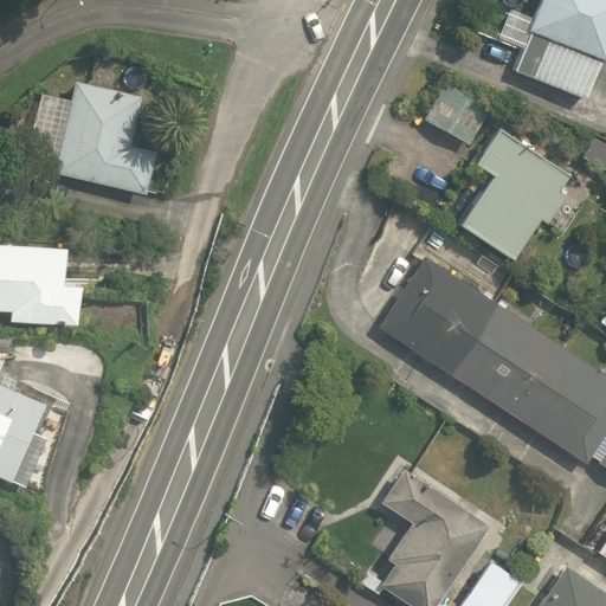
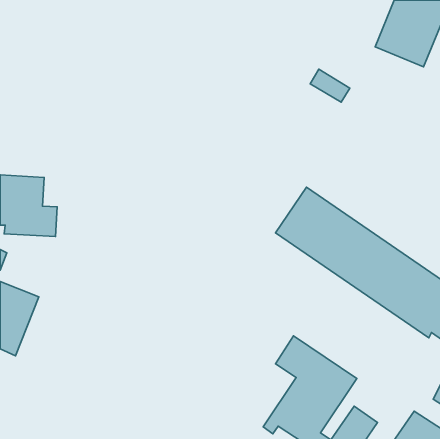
building: [27,79,157,196] -> none
building: [447,128,575,258] -> none

